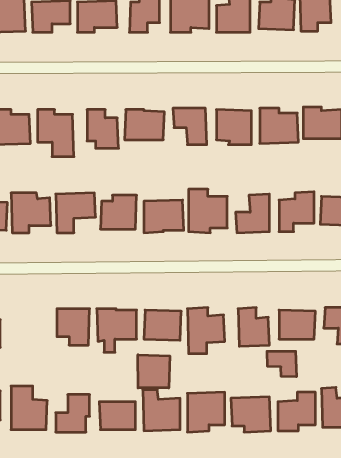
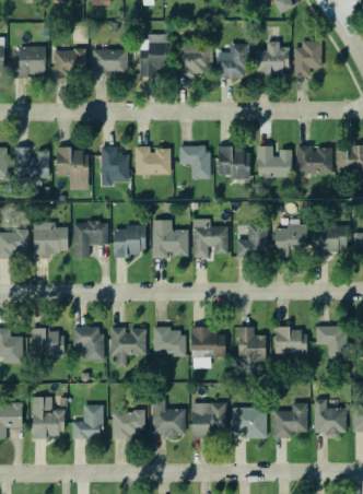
building: none -> [32,330,63,355]
building: [267,351,296,377] -> none
building: [138,355,170,388] -> none

